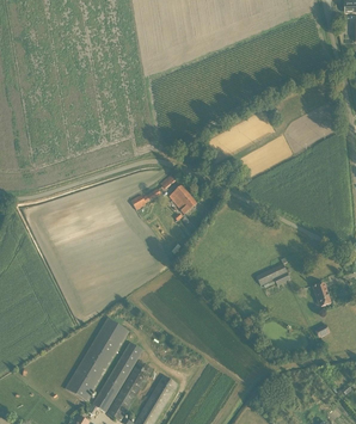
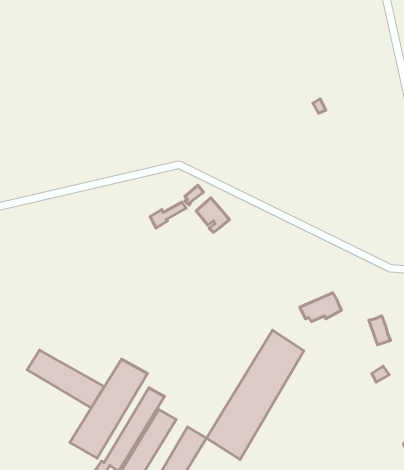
building: none -> [206,330,304,459]
building: none -> [27,350,104,408]

